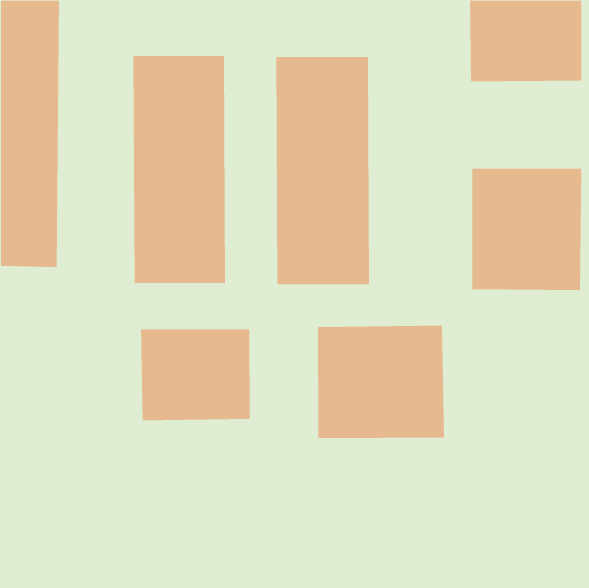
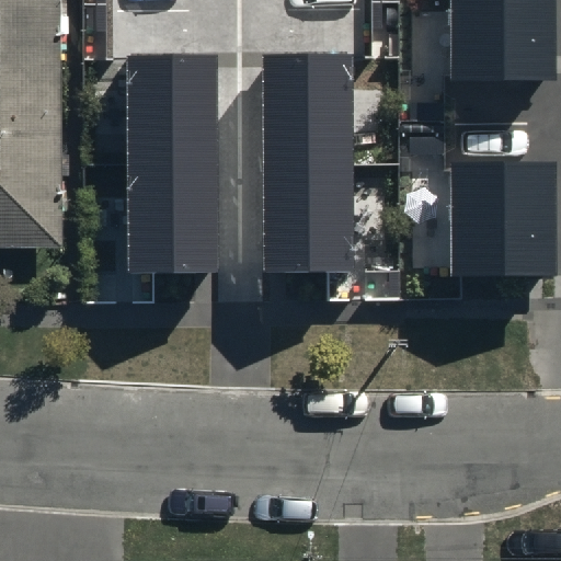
building: [317,325,444,439] -> none
building: [141,328,250,421] -> none

